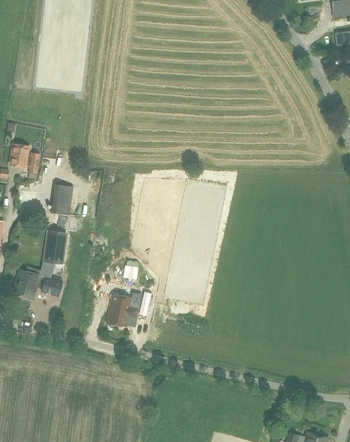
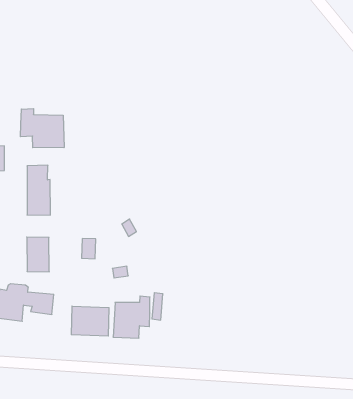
building: none -> [21,109,64,148]
building: none -> [71,306,109,336]

